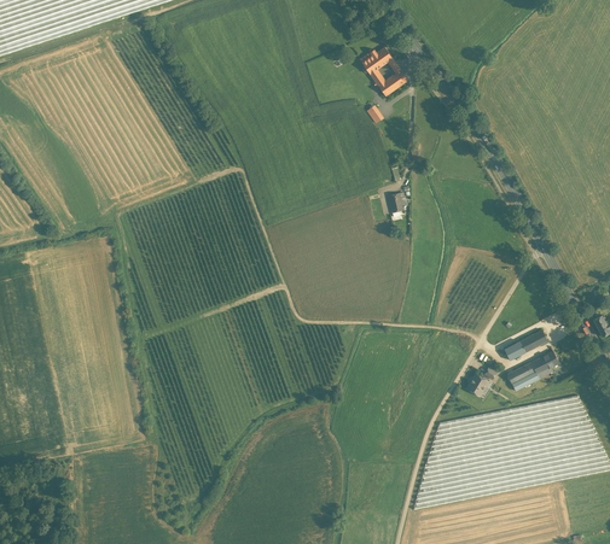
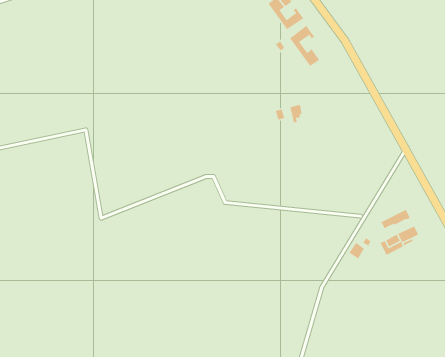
building: none -> [289,25,320,67]

